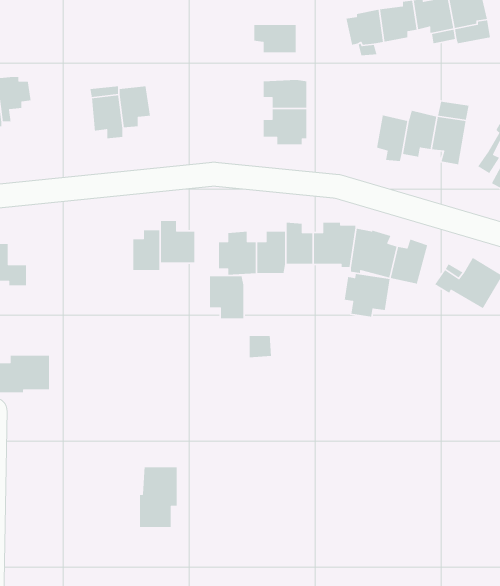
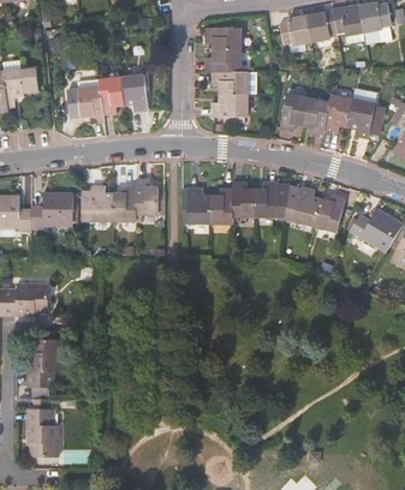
building: none -> [206,49,239,71]
building: none -> [121,72,147,104]
building: none -> [279,94,306,130]
building: none -> [78,187,111,220]
building: none -> [28,195,70,228]
building: [344,273,391,318] -> none
building: [209,275,244,319] -> none
building: [139,467,177,528] -> [26,340,56,388]
building: none -> [26,410,58,456]

